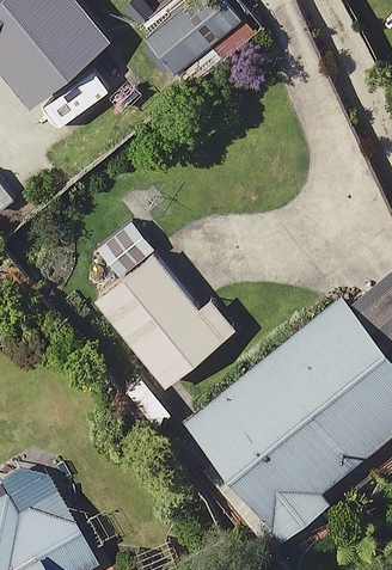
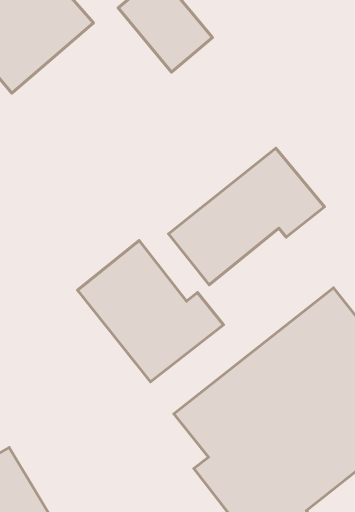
building: none -> [168,148,324,285]

